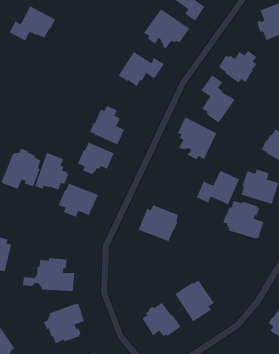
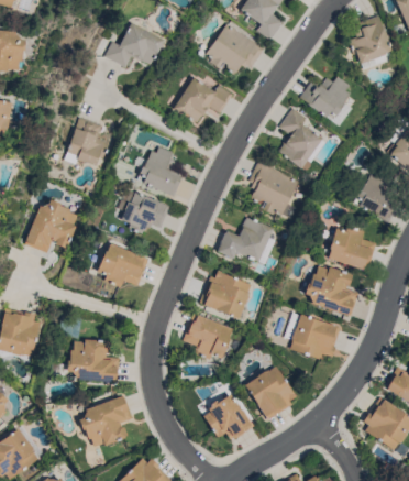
building: [9,6,56,41] -> [106,22,165,67]
building: [34,152,69,191] -> [65,117,109,165]
building: [196,170,240,205] -> [218,217,273,261]
building: none -> [183,313,232,360]
building: none -> [290,315,341,360]

